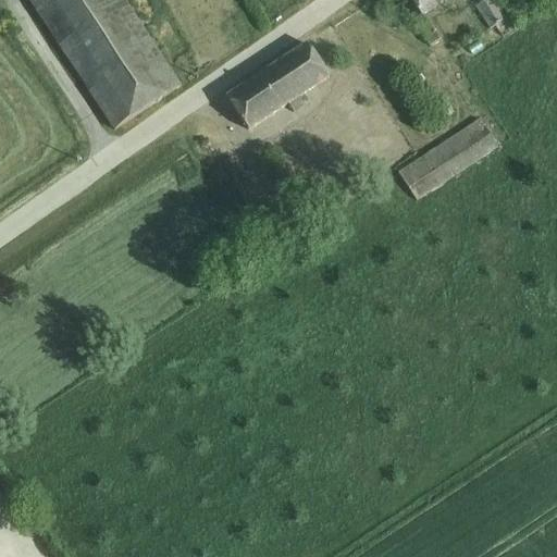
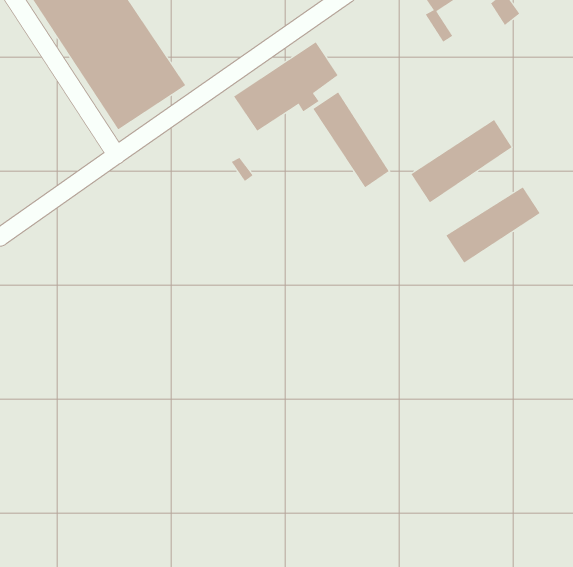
building: none -> [312,91,390,188]
building: none -> [446,186,541,263]

